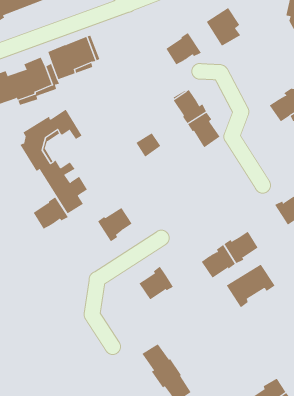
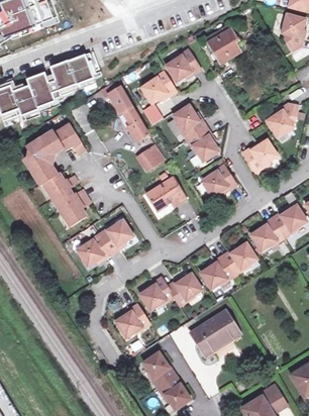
building: none -> [140,71,176,103]
building: none -> [101,83,148,140]
building: none -> [242,138,278,172]
building: none -> [201,165,236,197]
building: none -> [146,177,186,211]
building: [33,196,69,230] -> [77,233,112,266]
building: none -> [250,217,285,250]
building: none -> [167,273,202,305]
building: [226,264,276,308] -> [191,312,239,355]
building: none -> [115,304,149,337]

